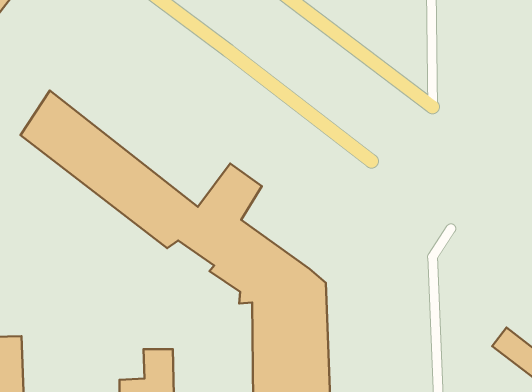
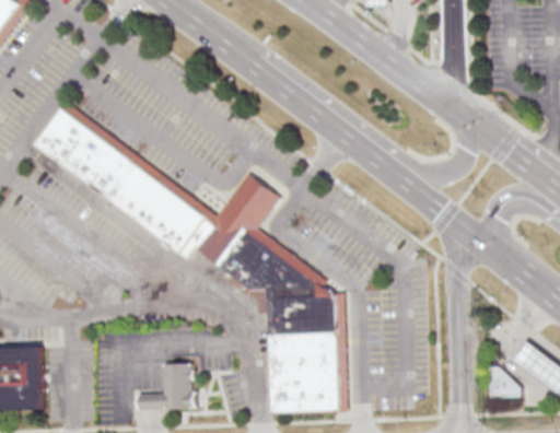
building: none -> [488,366,520,397]

